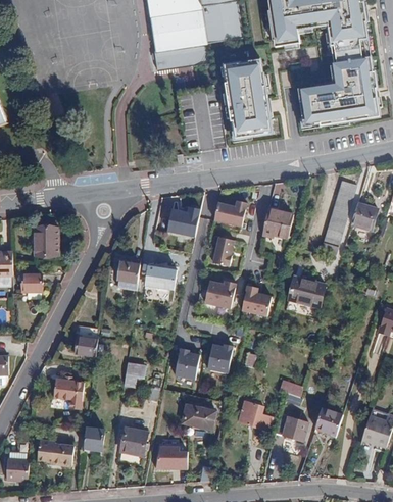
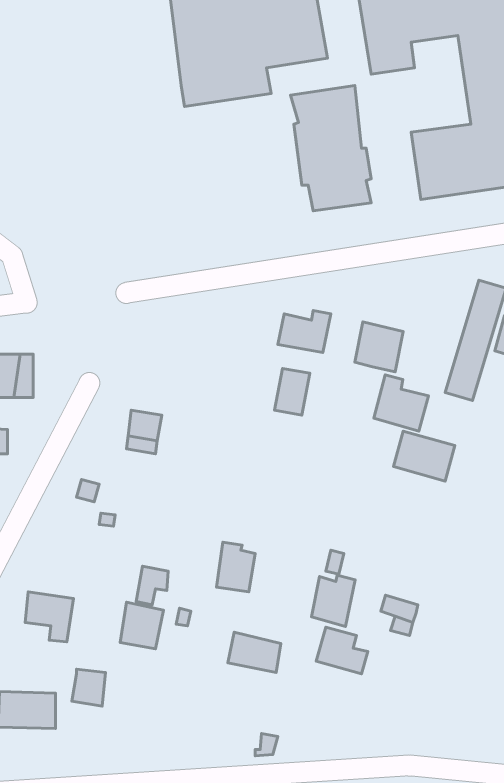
building: [166,206,199,237] -> none
building: [144,265,176,290] -> none
building: [205,279,237,307] -> none
building: [239,284,274,319] -> [374,375,429,431]
building: [80,328,99,356] -> none
building: [206,343,234,375] -> [312,575,355,626]
building: [314,408,342,436] -> none
building: [276,414,308,442] -> none
building: [120,426,148,456] -> [120,602,164,649]
building: [156,449,187,469] -> none

